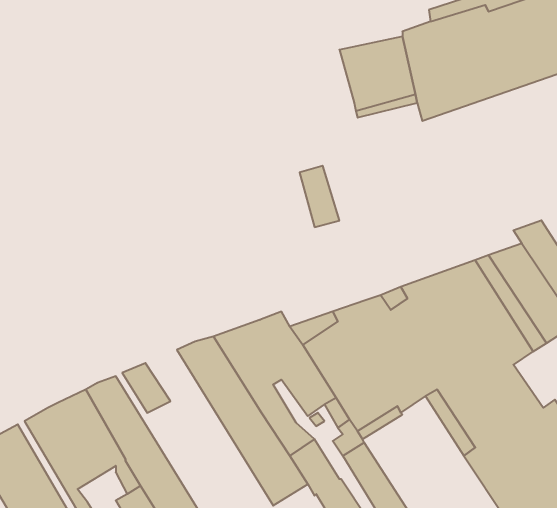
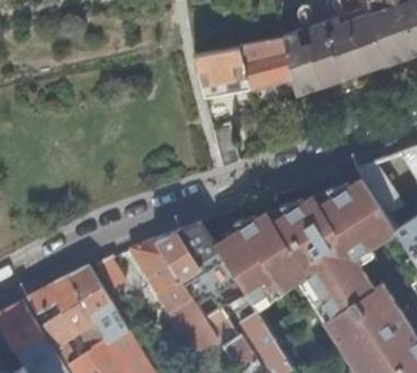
building: none -> [195,48,250,89]

